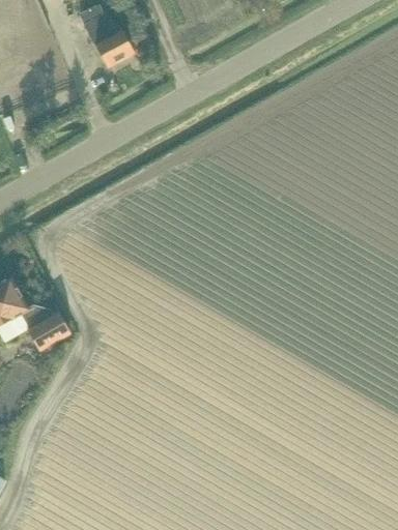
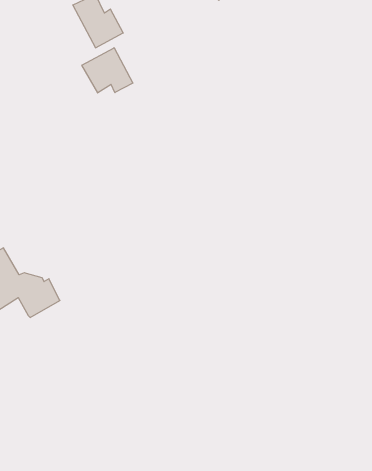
building: none -> [82,48,133,93]

